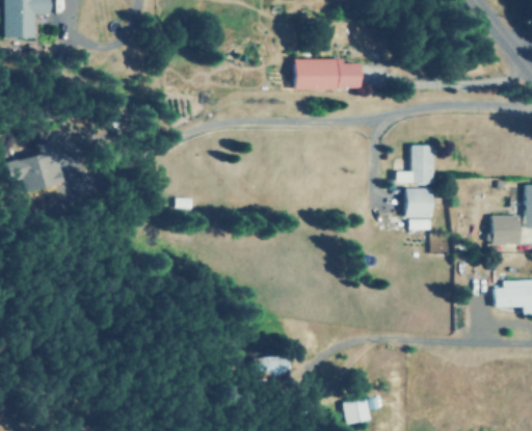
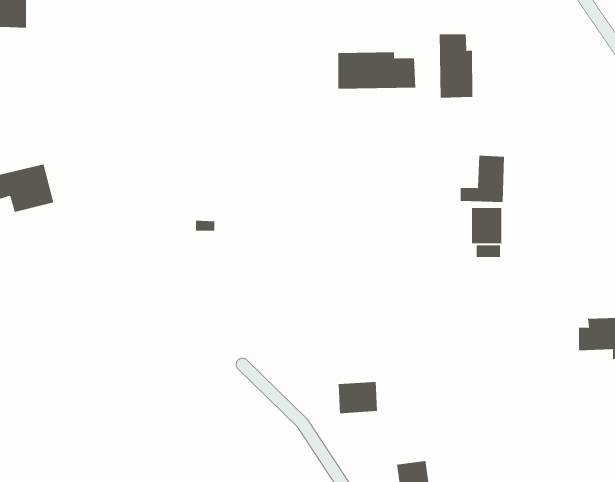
building: none -> [439,33,473,98]
building: [493,215,521,245] -> none
building: [255,354,288,381] -> [338,381,378,414]

